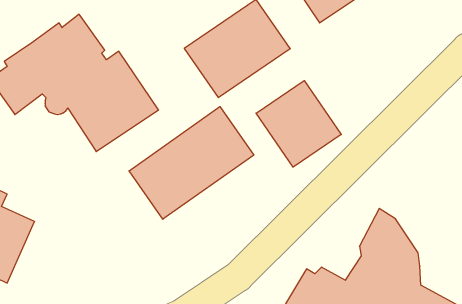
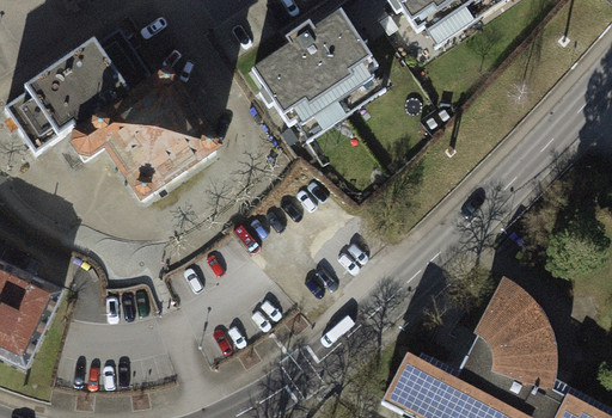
building: [256,81,341,167] -> none
building: [129,107,254,219] -> none

